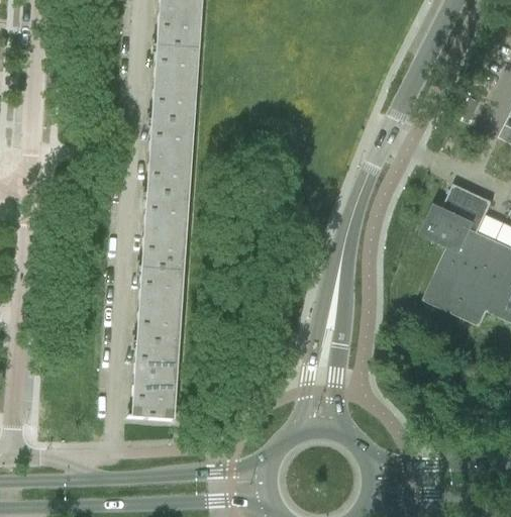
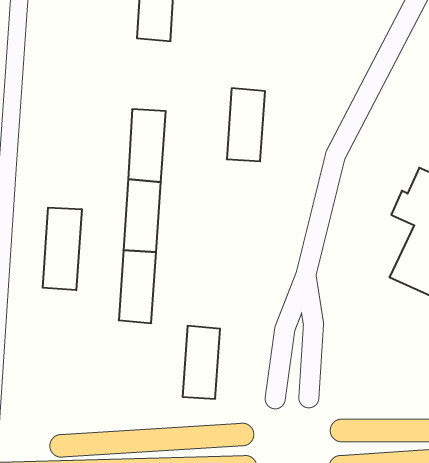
building: [154,47,194,124] -> [227,88,265,161]
building: none -> [43,208,82,290]
building: [134,344,174,421] -> [183,326,220,399]

